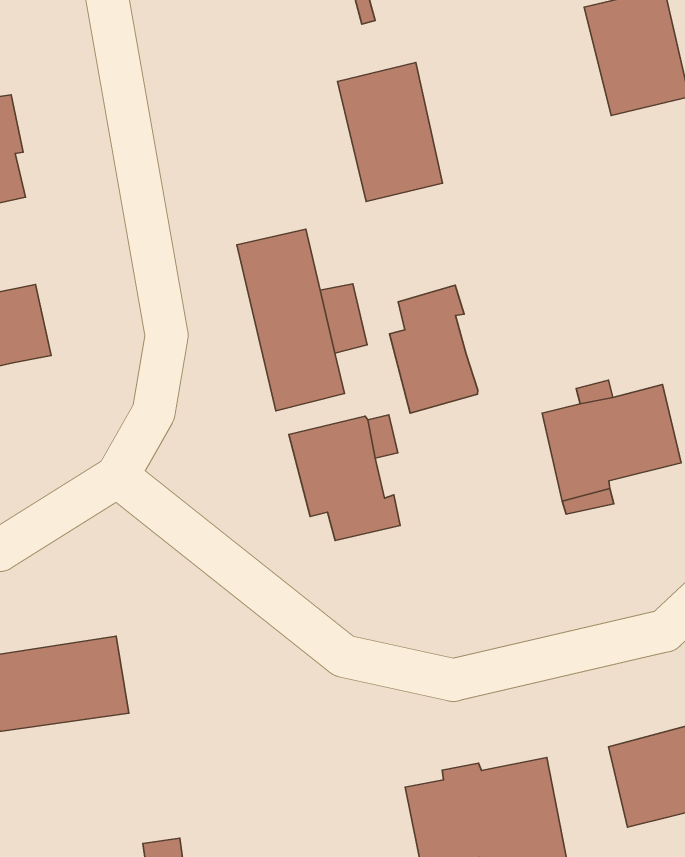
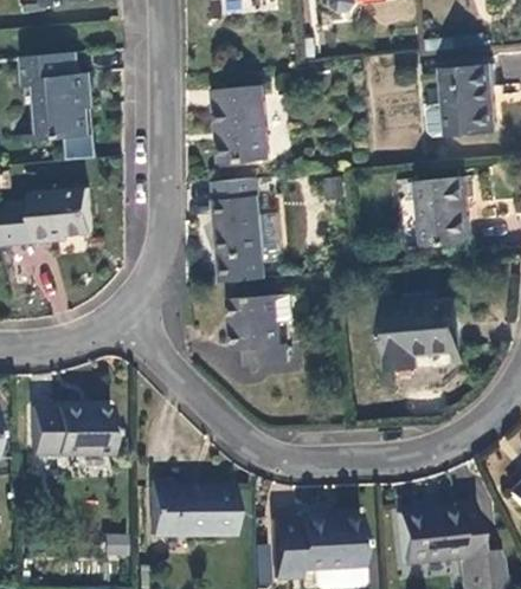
building: [338,63,442,202] -> [214,85,269,164]
building: none -> [417,177,472,247]
building: [390,285,478,413] -> none
building: none -> [148,481,232,536]

